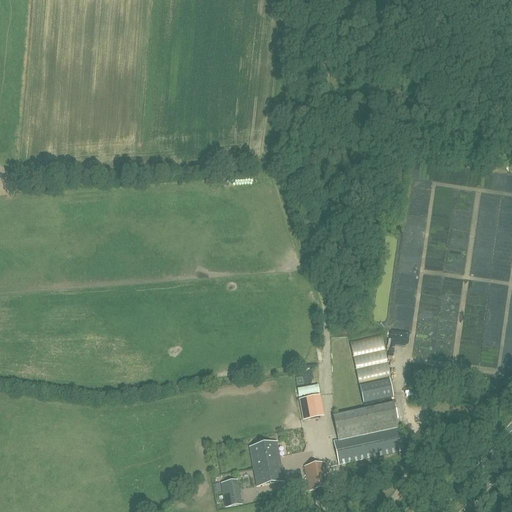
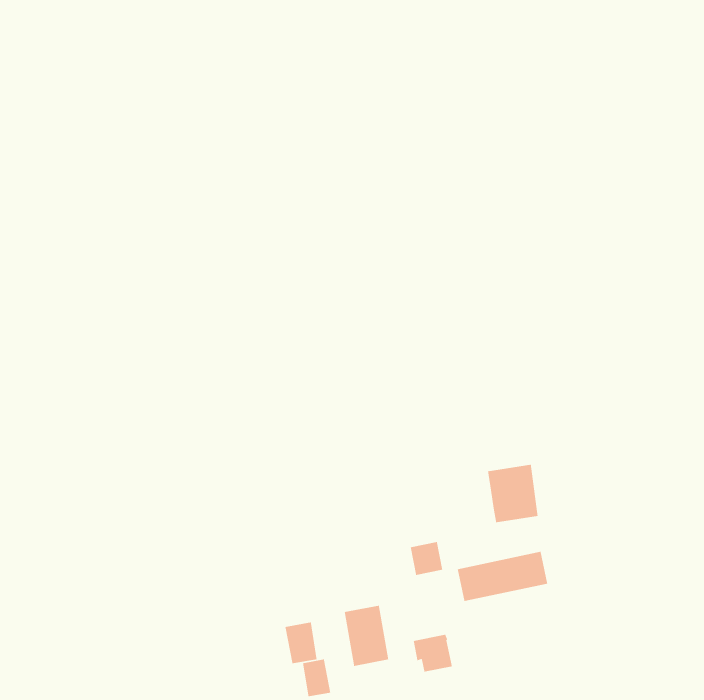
building: [358,377,392,400] -> none
building: [332,422,403,460] -> none
building: none -> [285,622,317,664]

